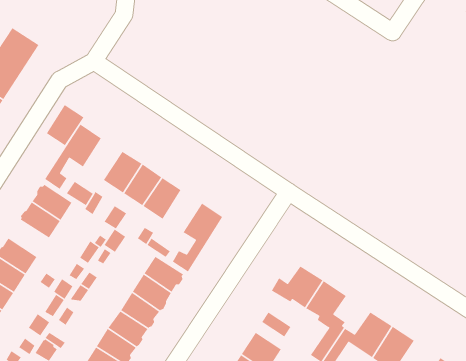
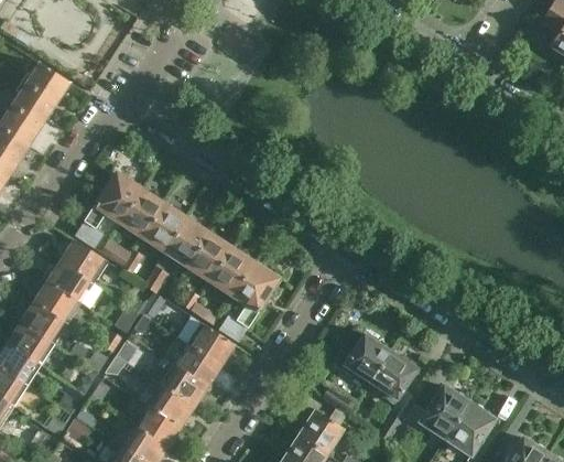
building: [46,104,85,146] -> [118,190,162,237]
building: none -> [208,248,252,297]
building: none -> [33,282,79,324]

